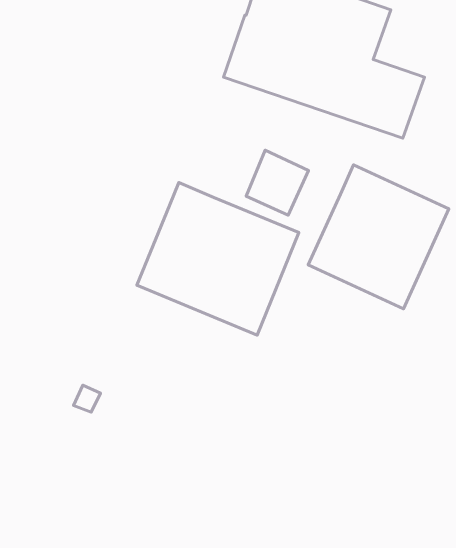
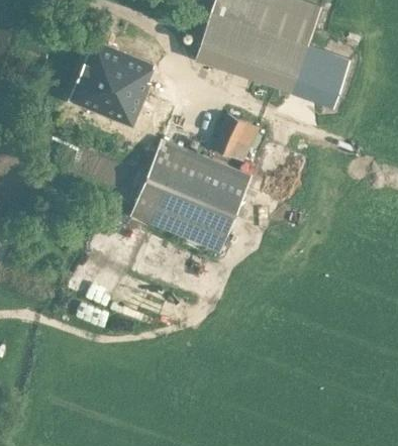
building: none -> [68,40,154,127]
building: [308,165,449,309] -> none

